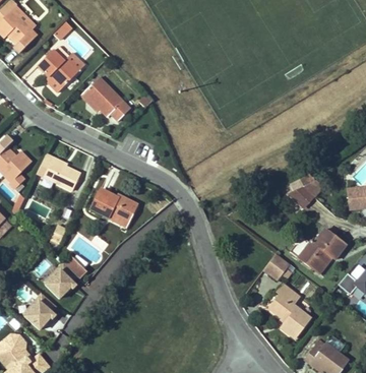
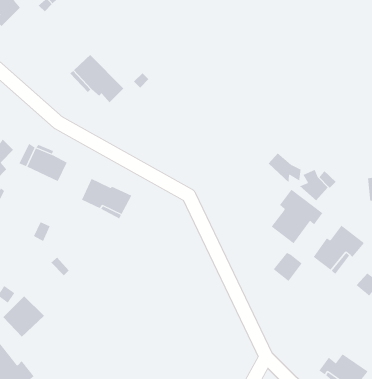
building: [37,50,81,91] -> none
building: none -> [268,153,301,183]
building: none -> [271,189,323,244]
building: [42,264,76,299] -> none
building: [270,285,310,338] -> none

